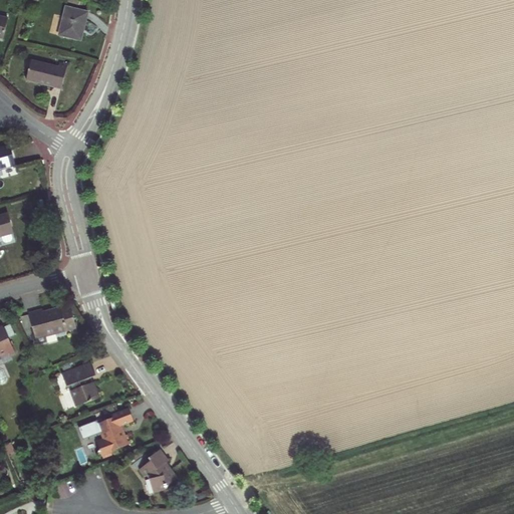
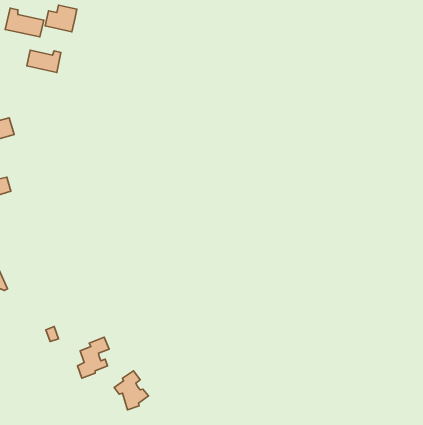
building: none -> [5,8,44,37]
building: [21,299,72,343] -> none
building: [58,363,95,407] -> none

